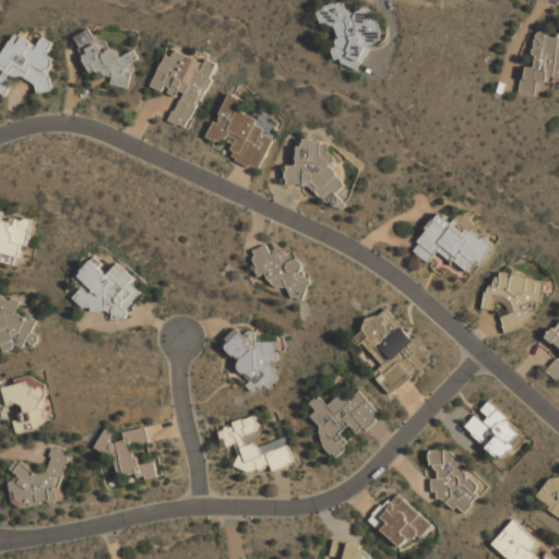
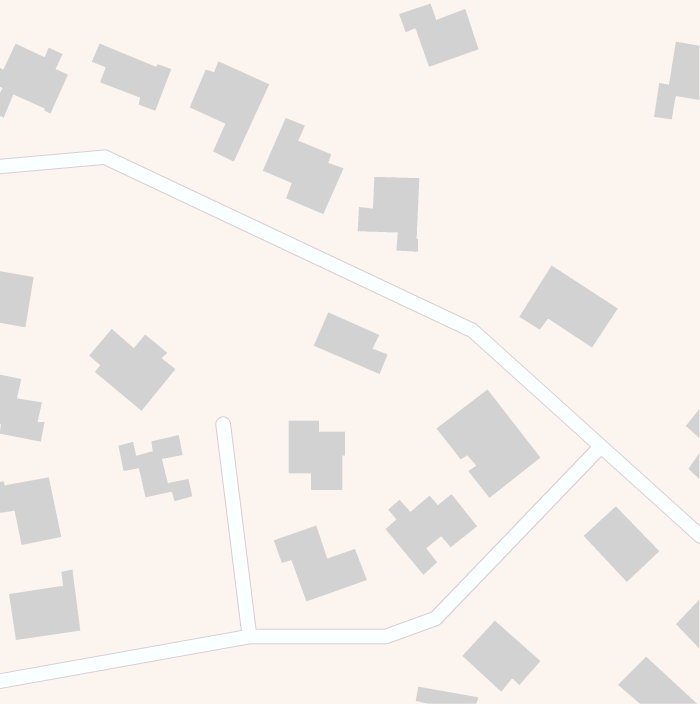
building: [484,272,539,330] -> none
building: [95,427,155,480] -> [117,434,193,502]
building: [429,450,473,512] -> none

